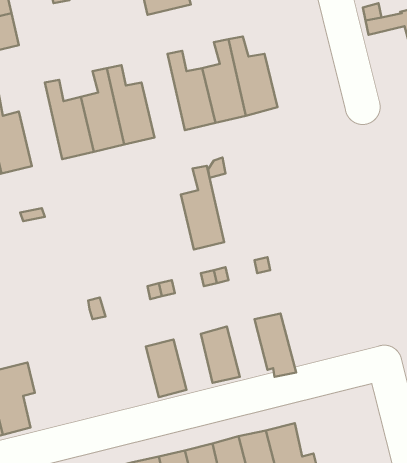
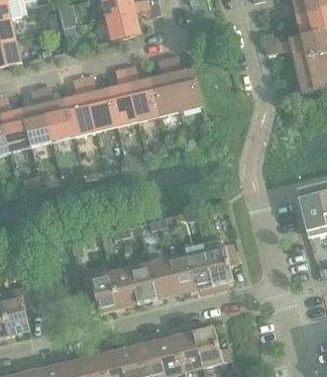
building: none -> [21,88,51,147]
building: [181,166,224,249] -> [107,68,137,126]
building: none -> [203,237,235,291]
building: none -> [167,254,195,294]
building: none -> [129,264,156,303]
building: none -> [81,265,119,312]

